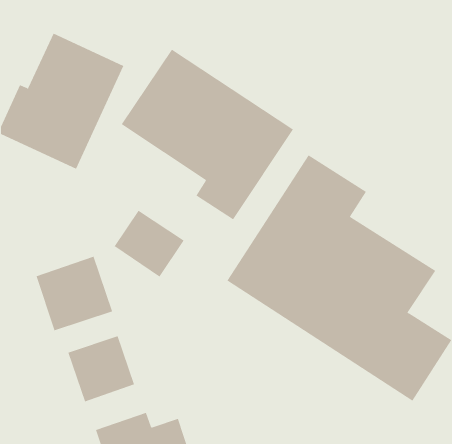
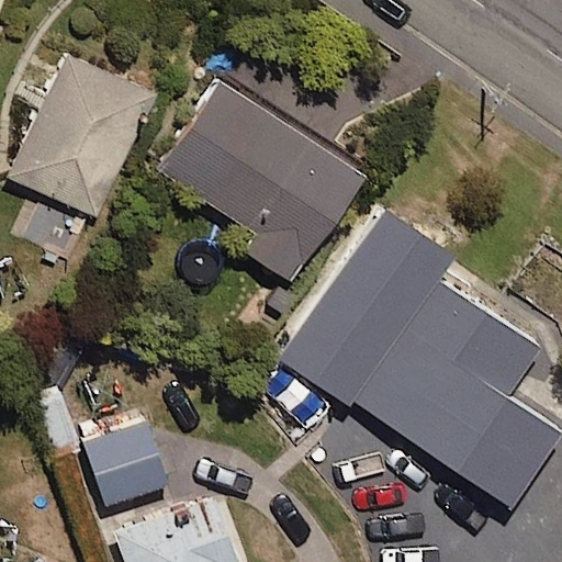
building: [114,210,184,278] -> none
building: [36,256,113,331] -> none

